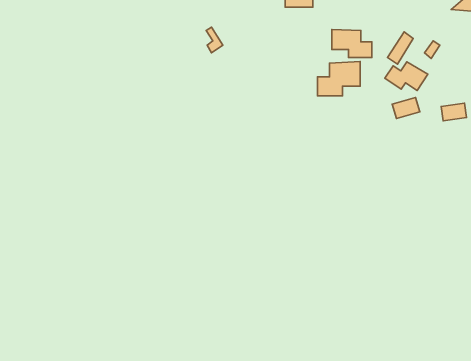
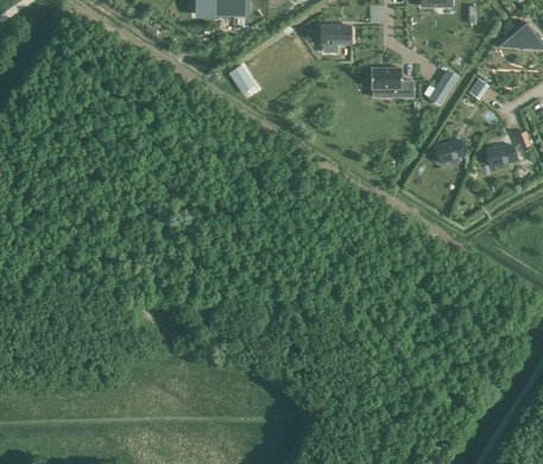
building: [318,62,360,96] -> none
building: [385,62,428,90] -> none

